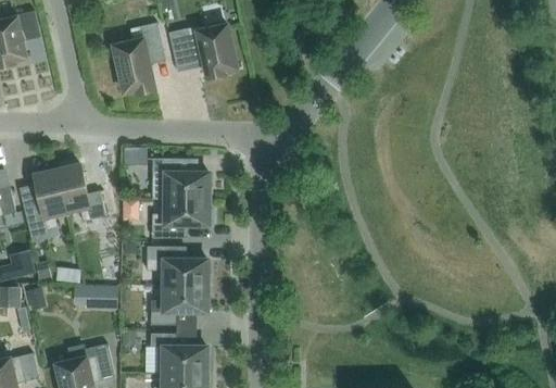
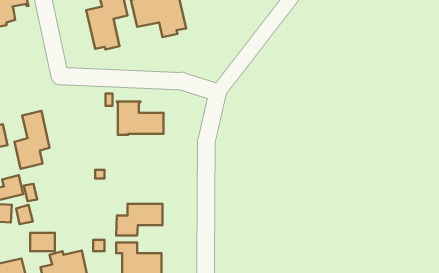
building: [58,165,105,222] -> none
building: [152,199,213,238] -> none
building: [147,247,207,286] -> none
building: [86,287,116,310] -> [30,233,55,251]

